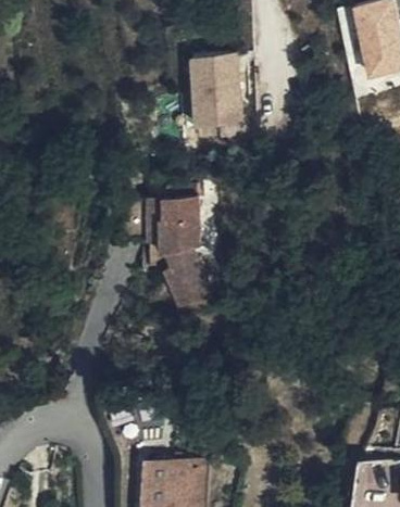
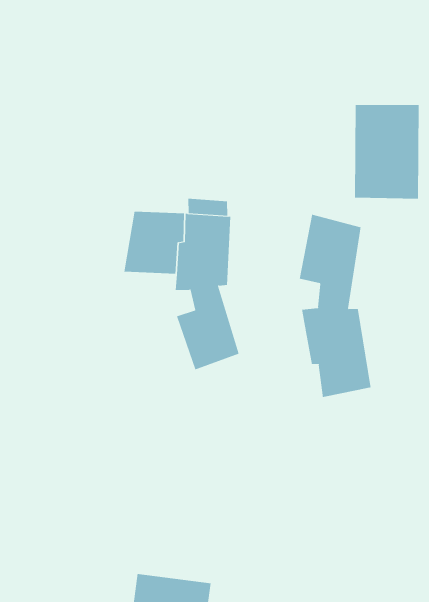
building: [192,55,243,126] -> [354,105,419,199]
building: none -> [299,214,371,398]

